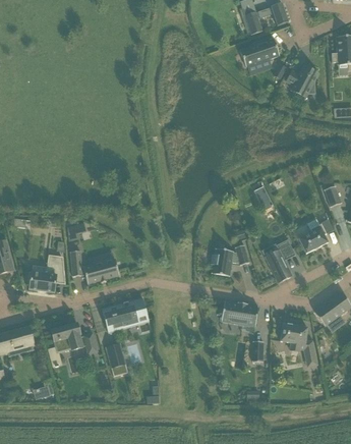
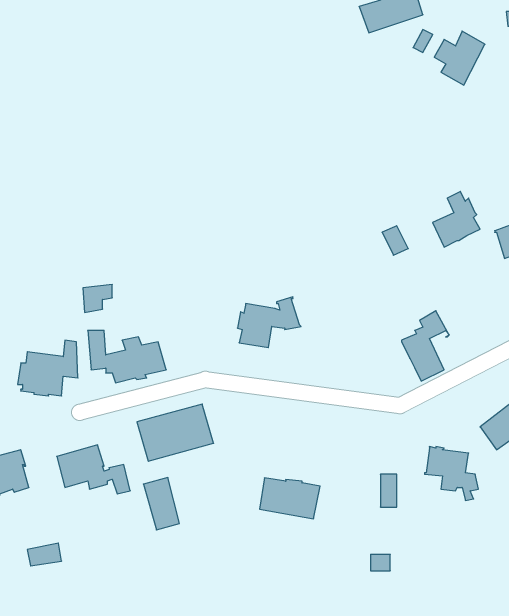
building: [298,219,328,254] -> [433,191,480,247]
building: [210,244,249,276] -> [237,297,301,348]
building: [221,301,258,327] -> [260,478,320,519]

